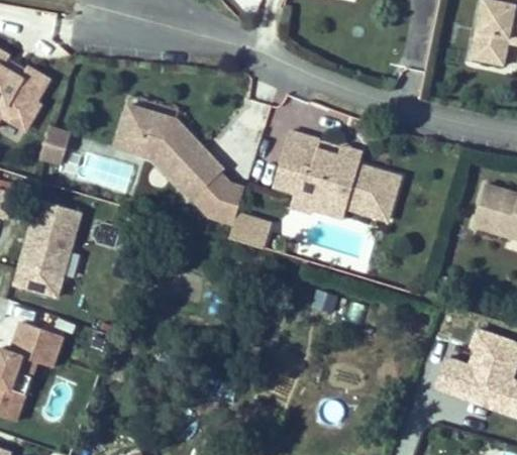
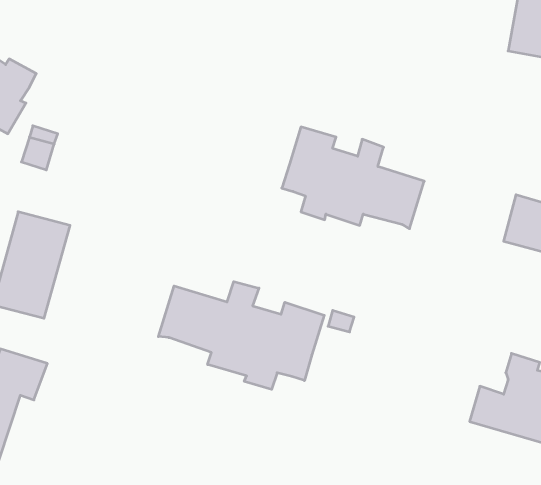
building: [117,98,270,246] -> none
building: none -> [158,282,324,389]

